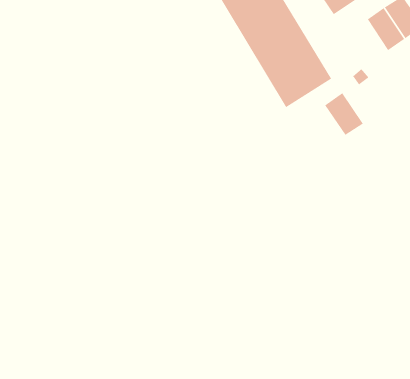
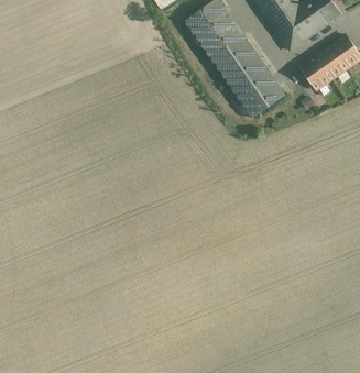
building: [324,92,364,136] -> [299,52,332,88]

